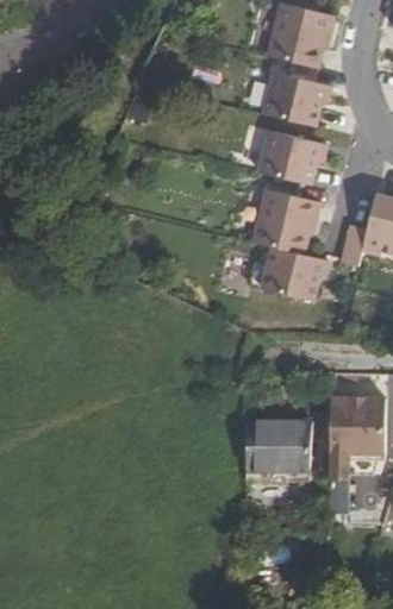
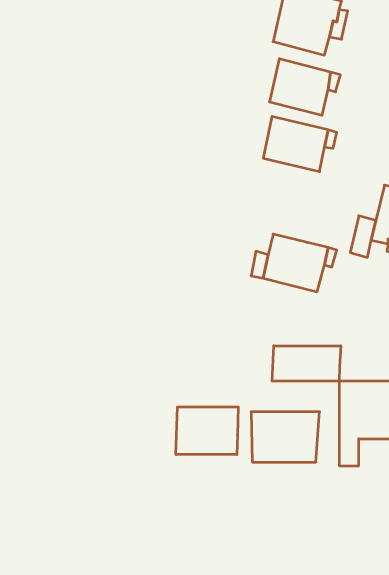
building: [251,184,320,251] -> none
building: none -> [272,346,341,381]
building: none -> [176,407,238,455]

